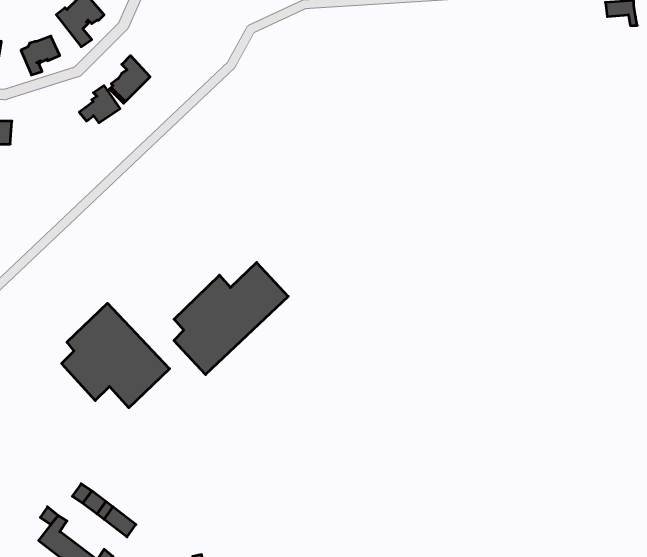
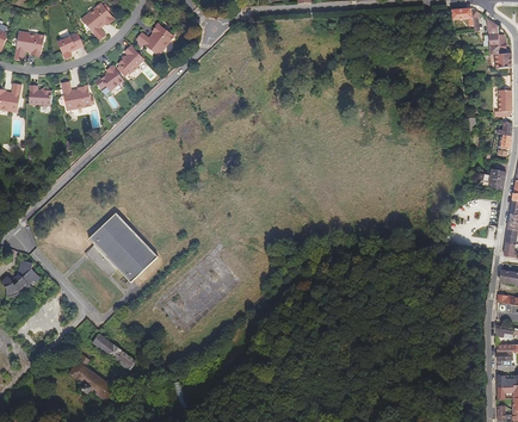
building: none -> [135,23,174,56]
building: none -> [61,82,92,111]
building: [174,262,288,375] -> none

